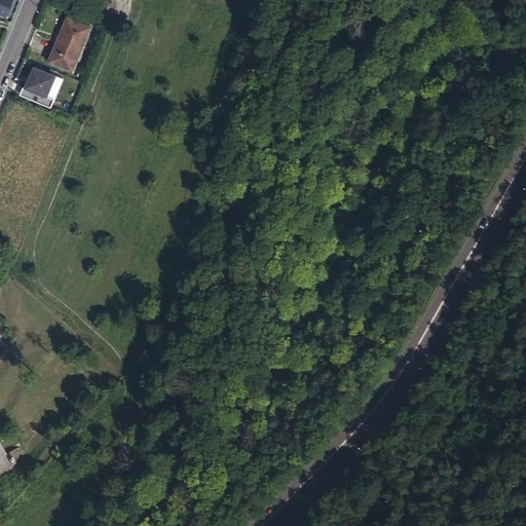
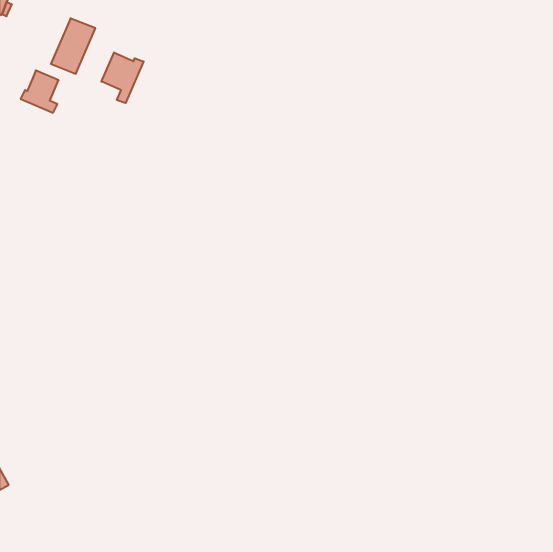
building: none -> [101,52,144,103]

